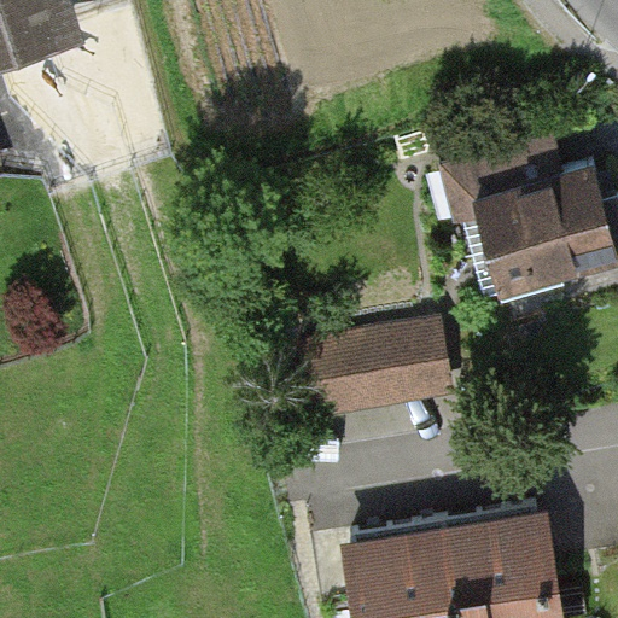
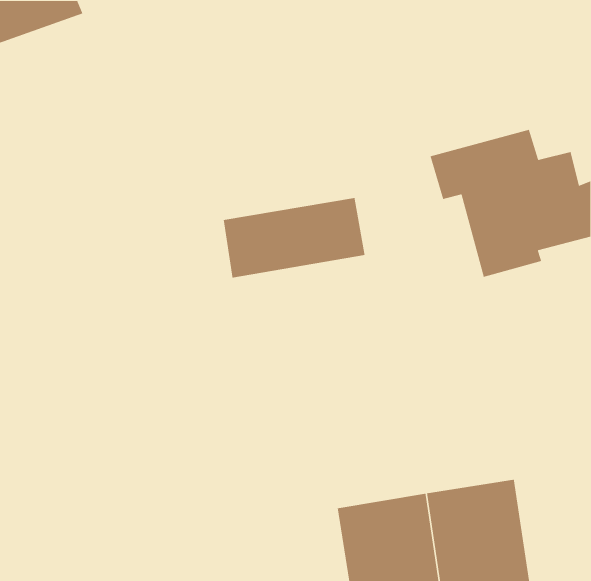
building: [302,330,450,414] -> [223,197,366,279]

